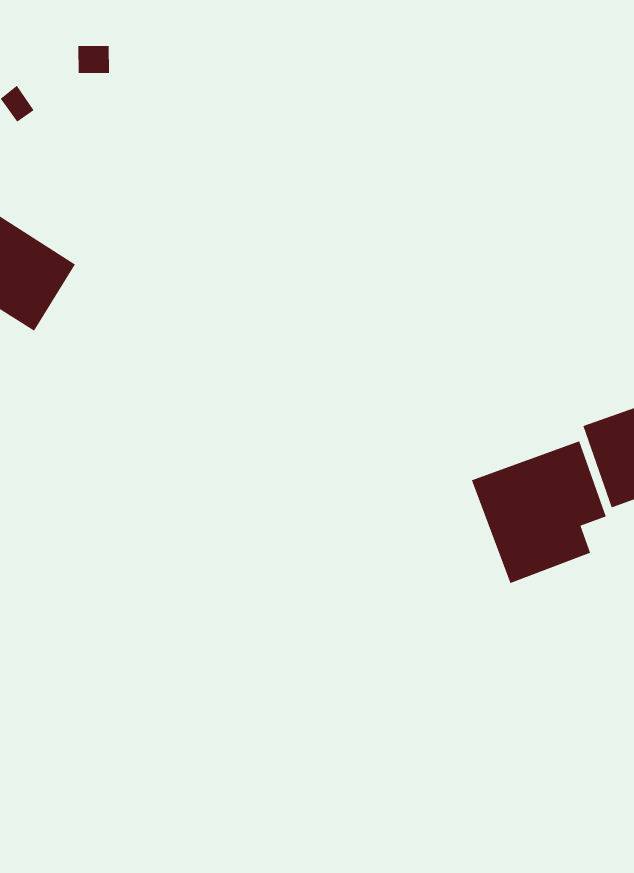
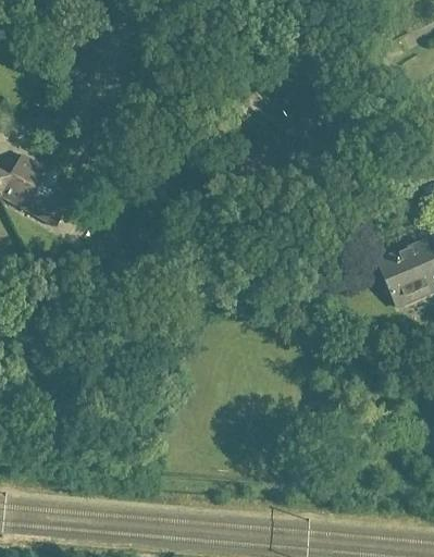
building: [471,440,606,584] -> none

